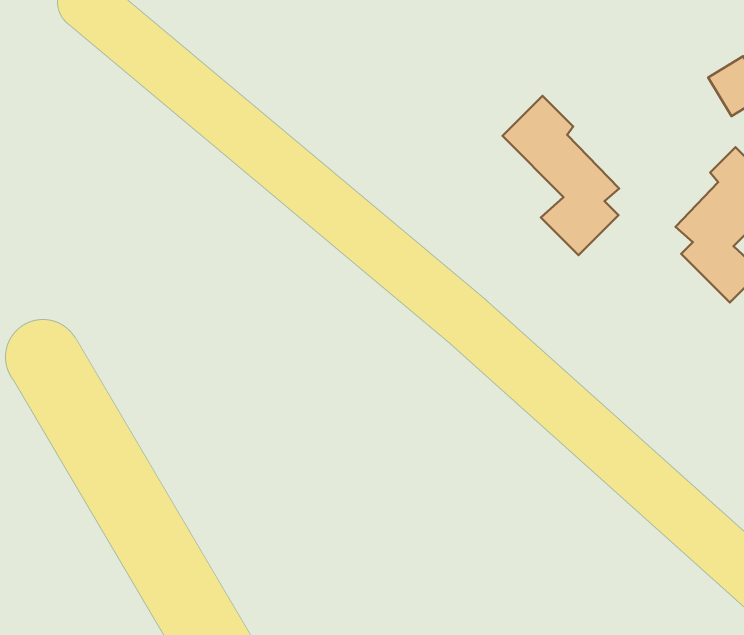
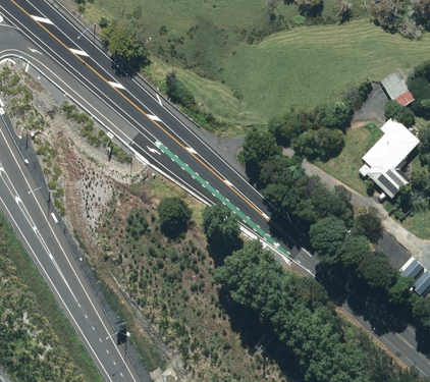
building: [502,96,619,255] -> none

